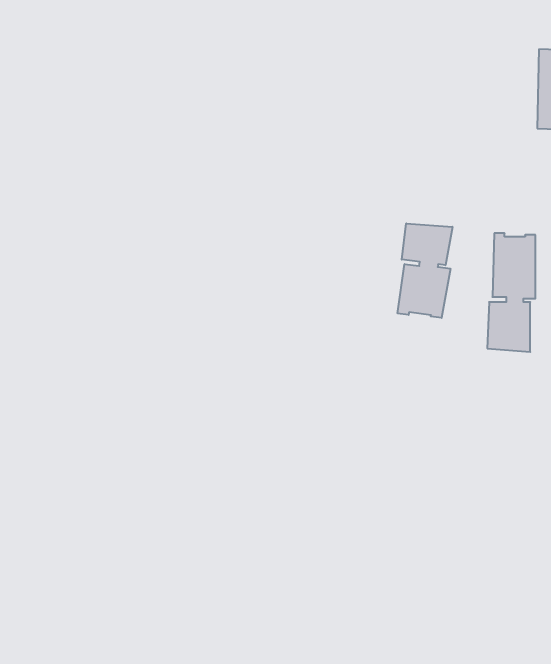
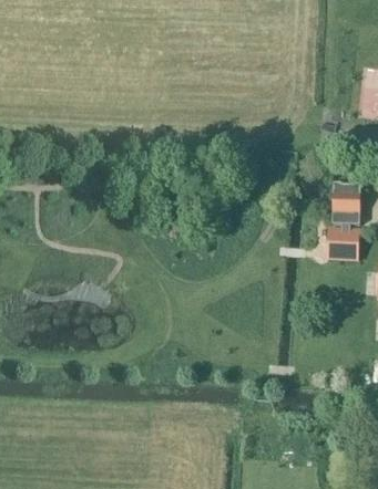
building: [398,223,452,318] -> none

